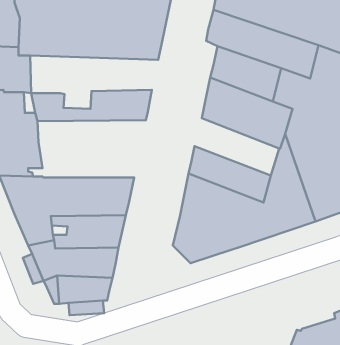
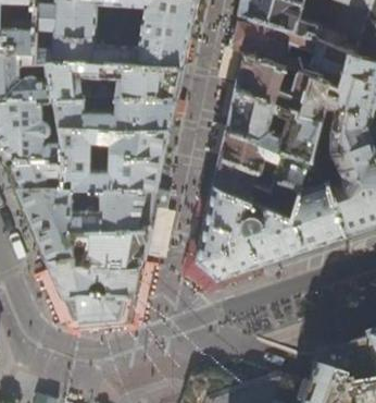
building: none -> [46,61,179,100]
building: none -> [217,126,305,186]
building: none -> [53,129,166,188]

